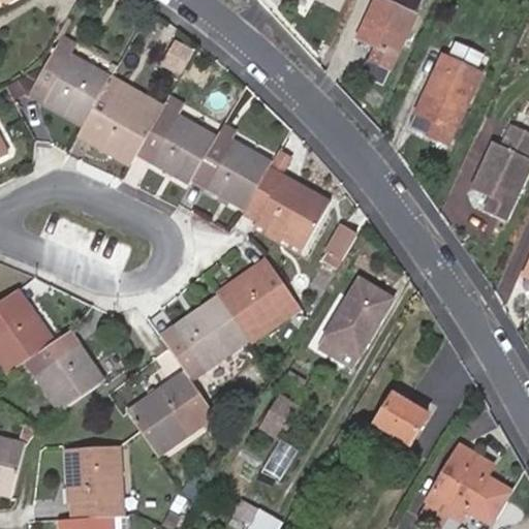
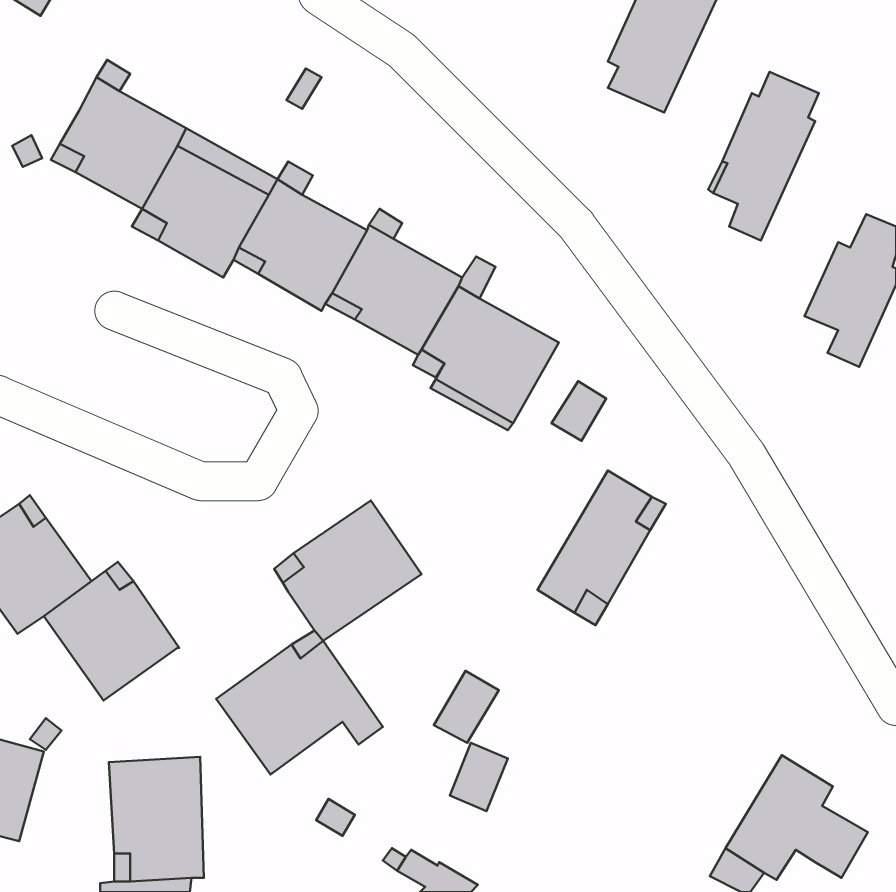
building: [218,262,298,338] -> none
building: [374,394,425,442] -> none

